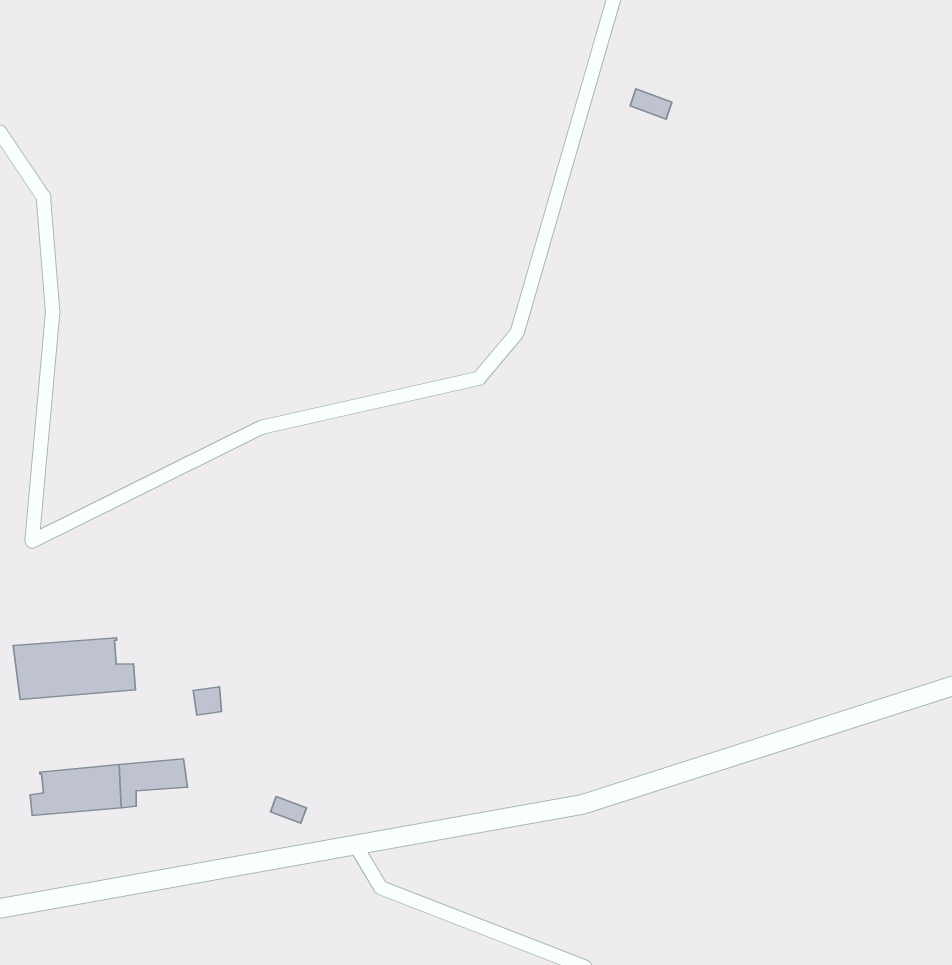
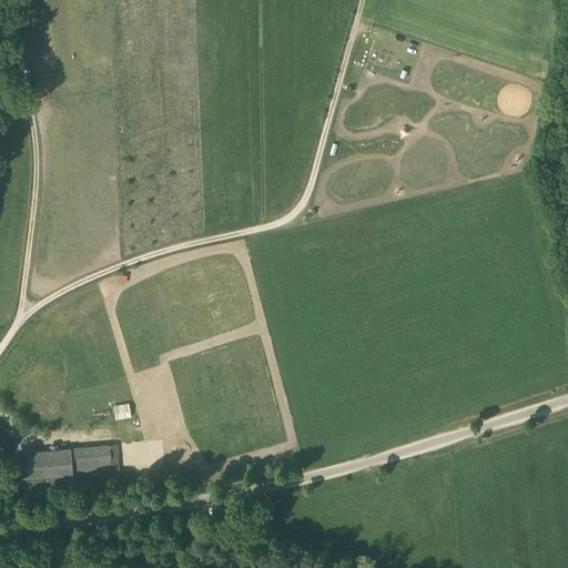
building: [13,638,136,700] -> none

